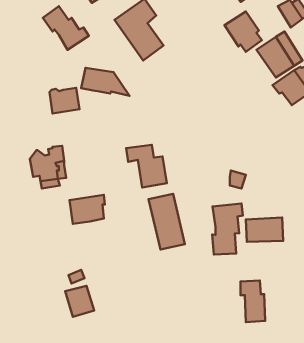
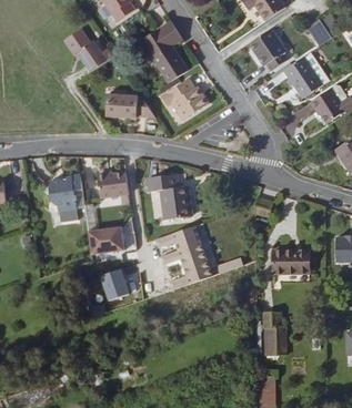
building: none -> [160,79,208,121]
building: [49,88,79,113] -> [99,171,130,197]
building: [212,204,243,255] -> none
building: [65,286,94,317] -> [99,265,129,297]

